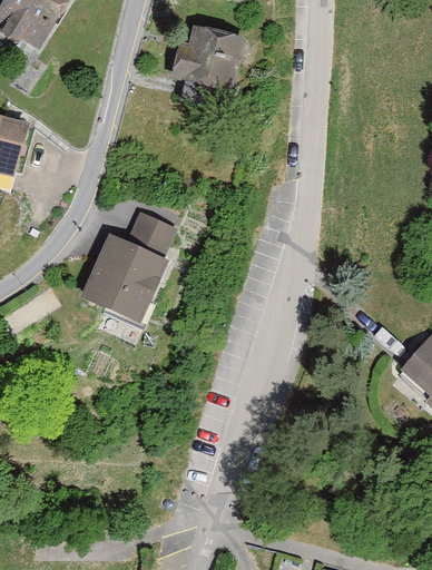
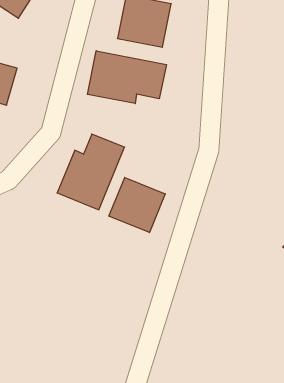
building: none -> [87,51,166,104]
building: none -> [109,177,165,233]

